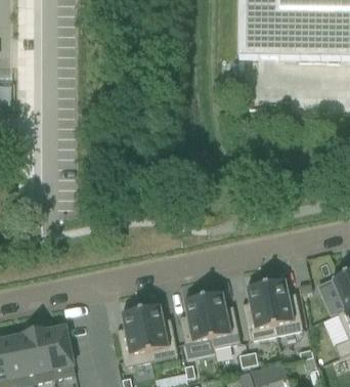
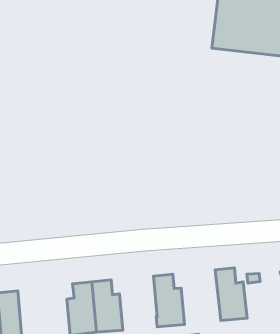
building: [242,285,276,342] -> none
building: [179,298,211,345] -> none

